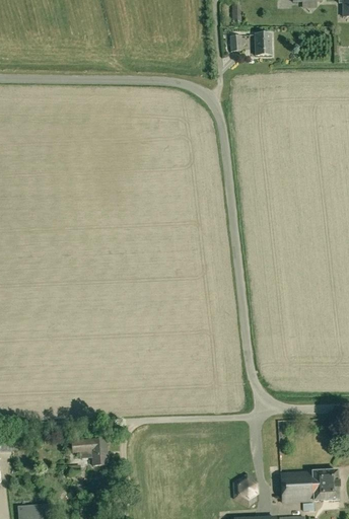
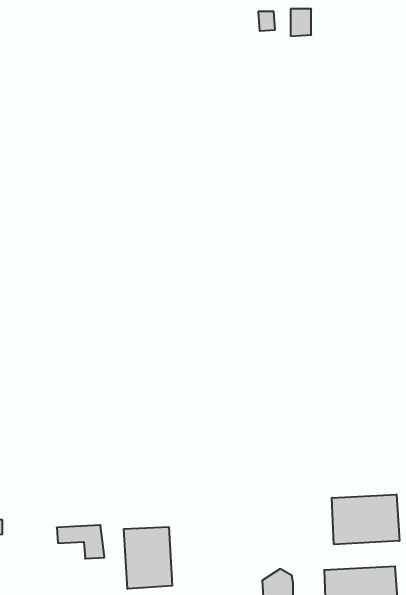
building: none -> [332,494,399,544]
building: none -> [124,527,172,589]

